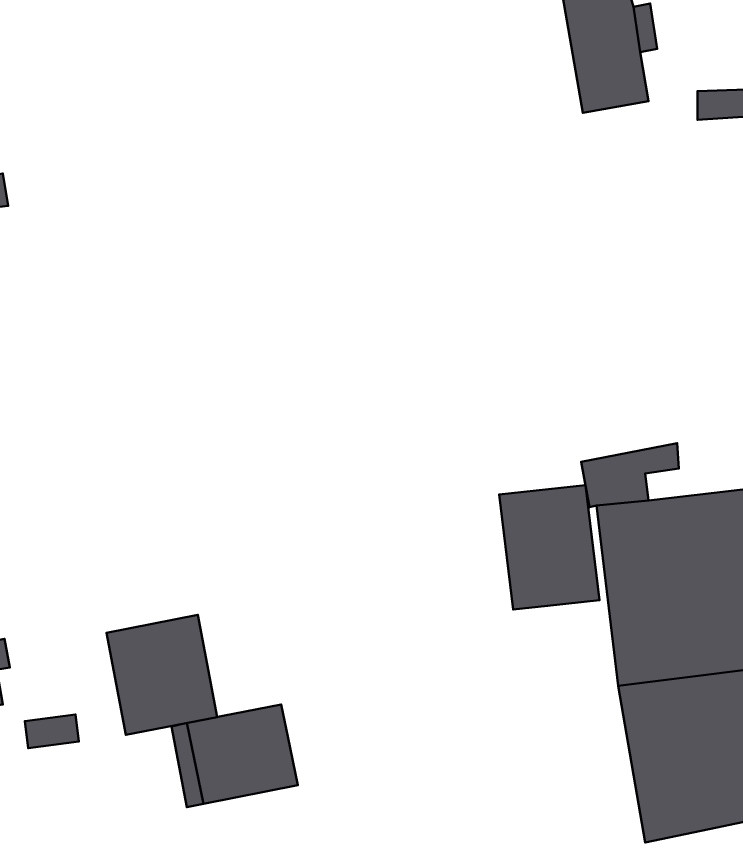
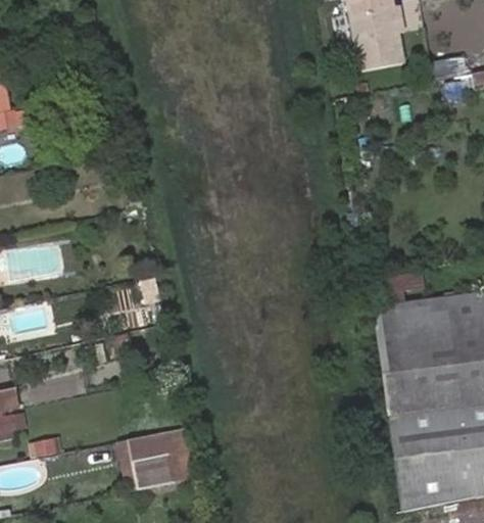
building: [499,485,600,609] -> none
building: [107,615,217,735] -> none

